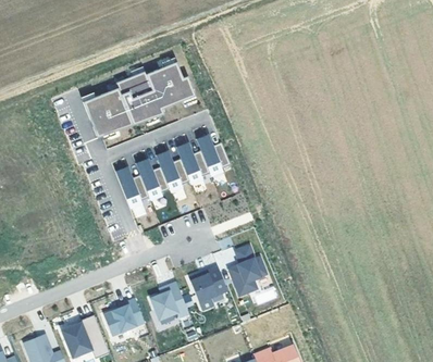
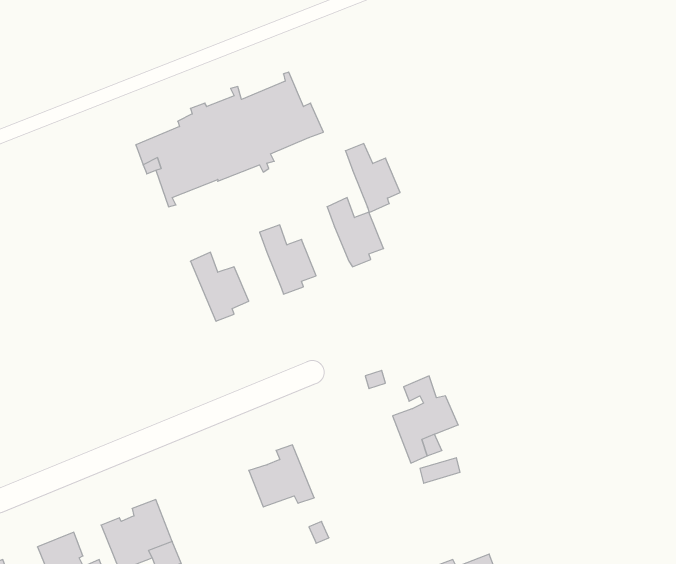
building: [176,142,209,184] -> [345,144,400,213]
building: [135,159,169,199] -> none
building: [188,265,226,301] -> none
building: [102,298,144,335] -> none

